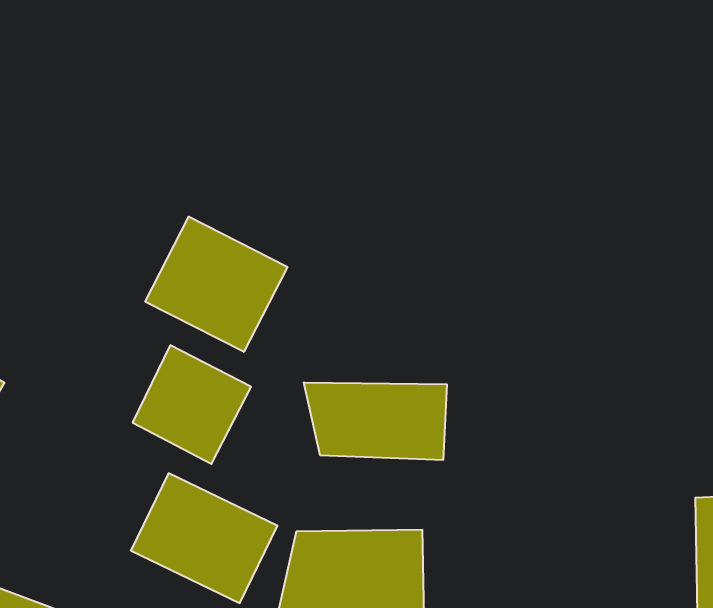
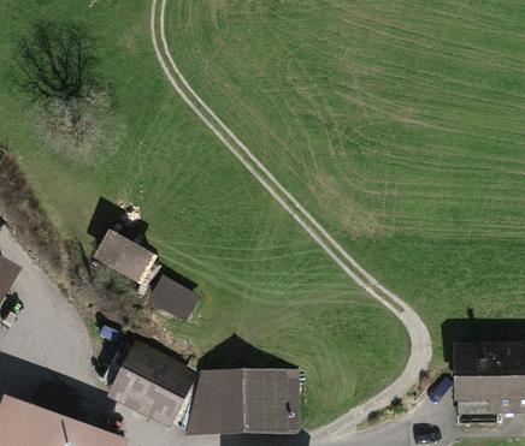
building: [145,217,287,352] -> none
building: [304,382,447,460] -> none

